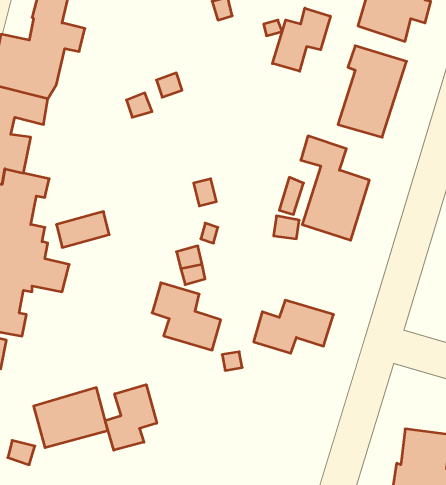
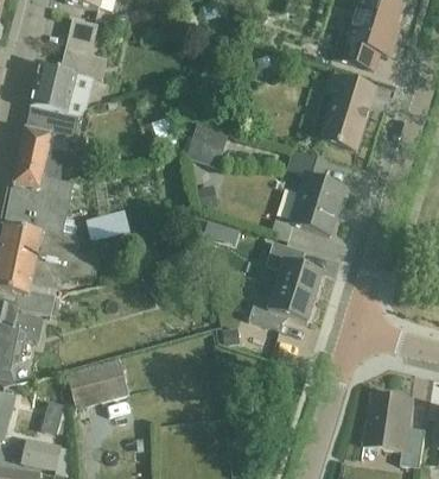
building: [272,8,330,71] -> none
building: none -> [186,124,229,166]
building: [152,283,221,350] -> [265,241,322,297]
building: [105,385,157,450] -> none

